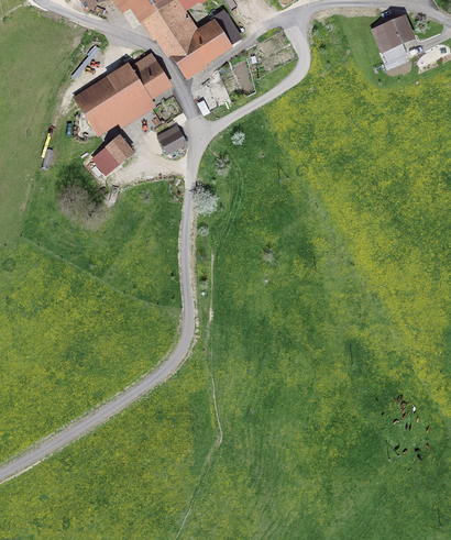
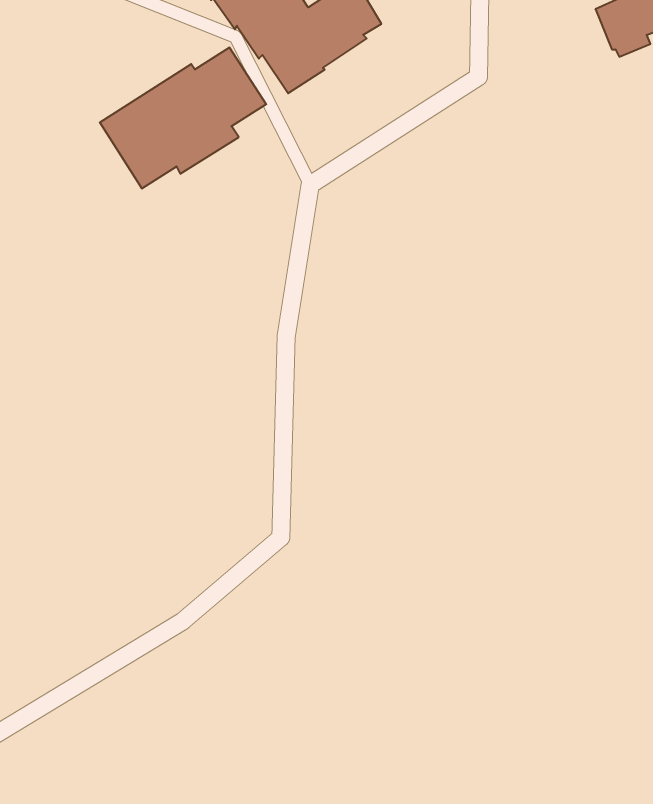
building: [156,123,187,154] -> none
building: [91,133,134,175] -> none

